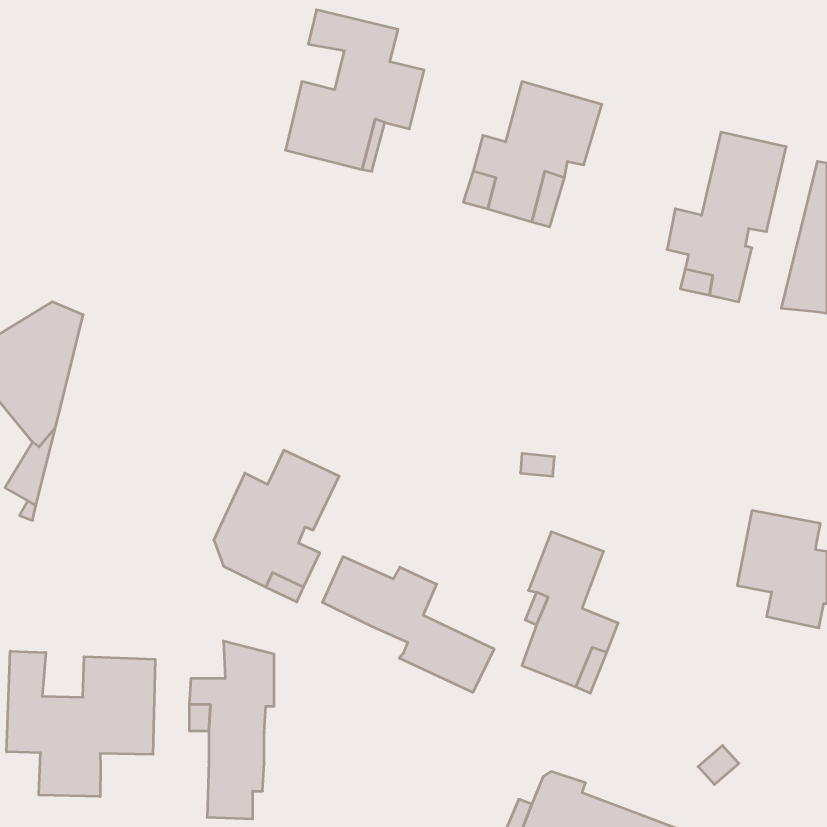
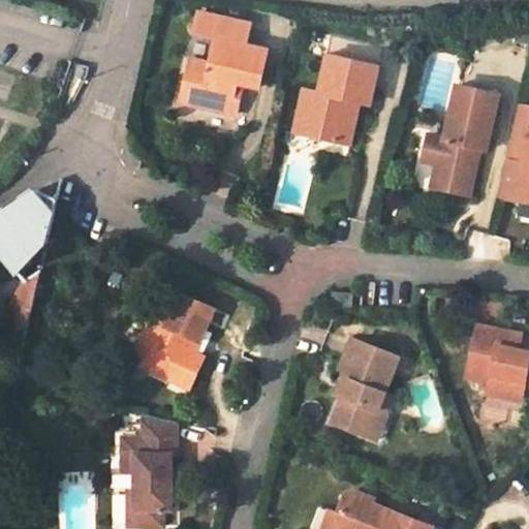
building: [322,557,494,692] -> none
building: [7,651,155,797] -> none

